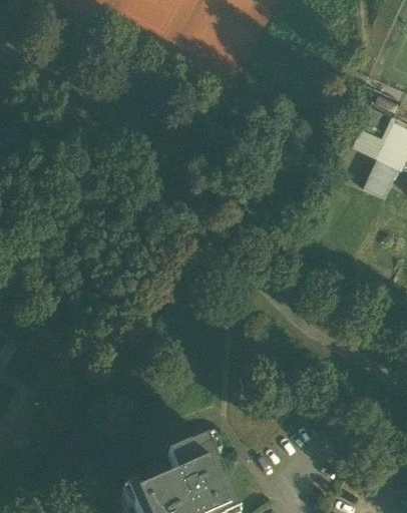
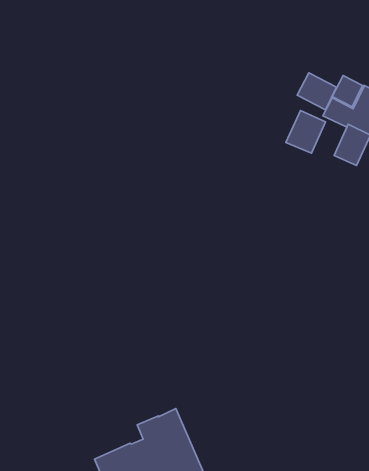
building: none -> [297,73,337,110]
building: none -> [286,110,325,153]

